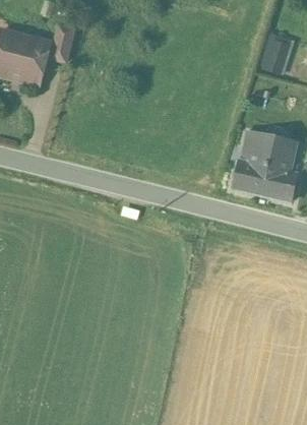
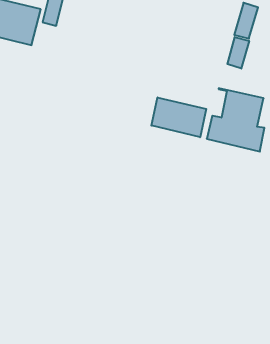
building: none -> [227,37,249,69]
building: none -> [151,97,206,137]

